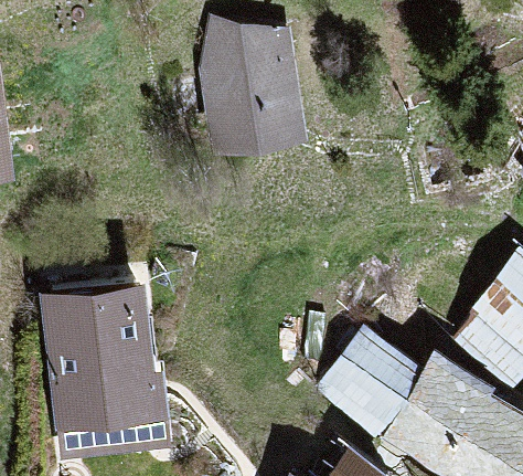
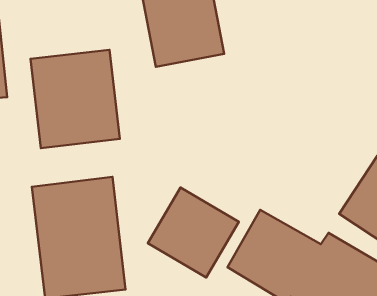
building: none -> [31,50,120,148]
building: none -> [148,188,239,278]

